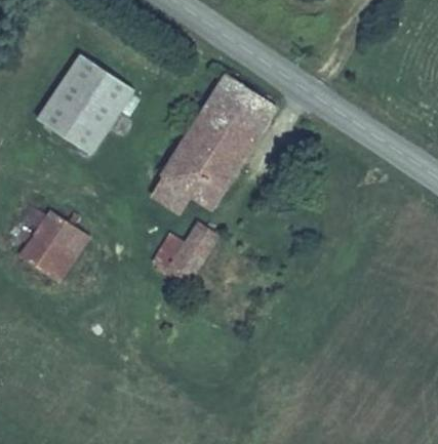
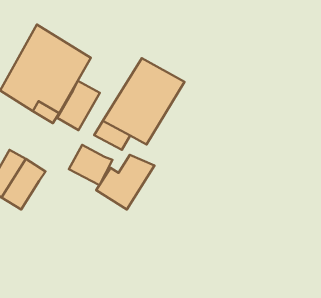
building: [209,77,279,138] -> none
building: none -> [57,81,100,130]
building: none -> [69,145,112,185]

